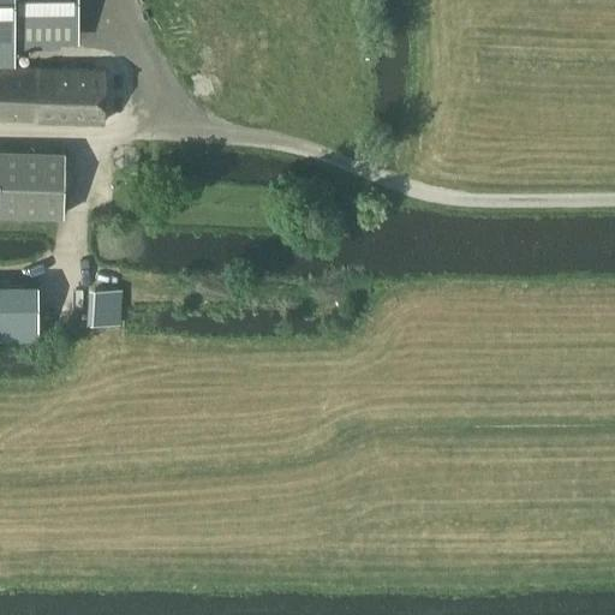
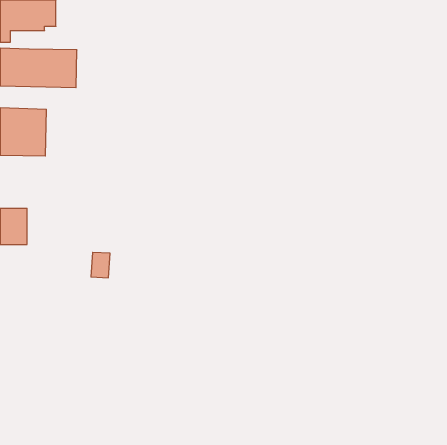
building: [94,292,120,327] -> [91,252,110,278]

